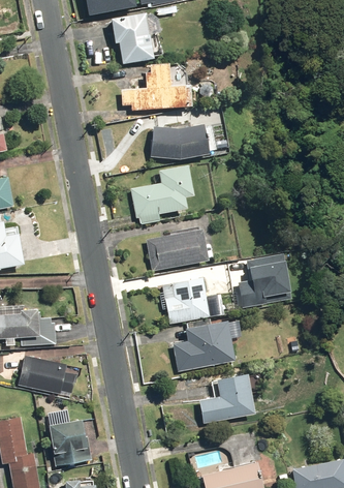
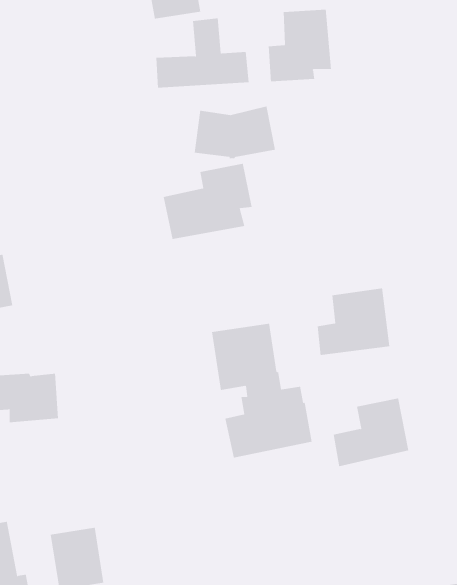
building: none -> [268,9,331,82]
building: [148,230,208,270] -> none
building: [19,356,75,396] -> none
building: [199,374,253,423] -> [333,398,409,467]

